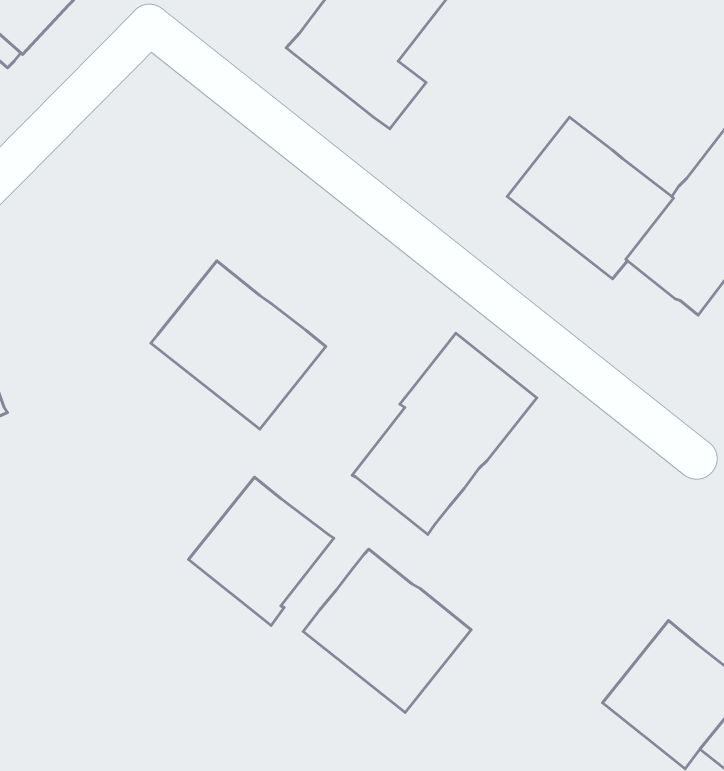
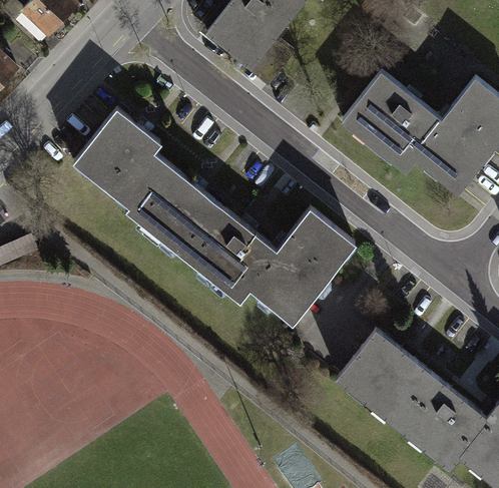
building: none -> [73,109,164,206]
building: [189,477,334,626] -> [190,213,279,304]
building: [303,549,471,712] -> [337,331,439,430]

